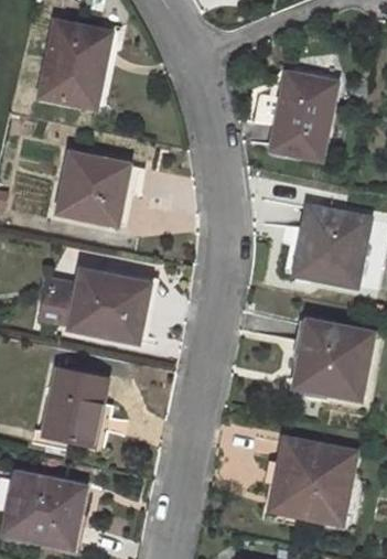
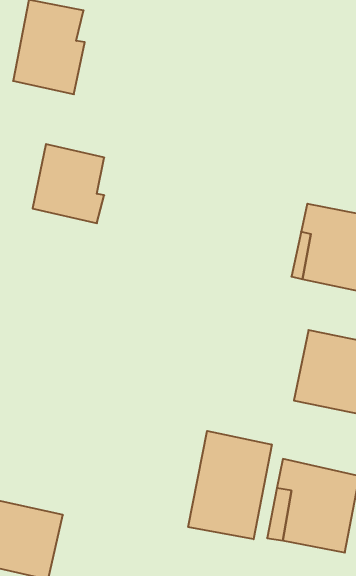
building: [271,73,336,159] -> none
building: [42,270,144,341] -> none
building: [42,369,112,450] -> none
building: none -> [188,431,272,539]

